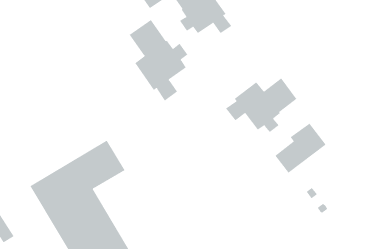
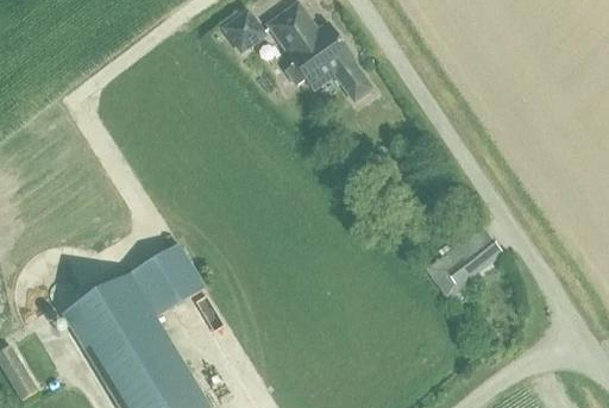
building: [129,19,188,102] -> none
building: [225,78,297,133] -> none

